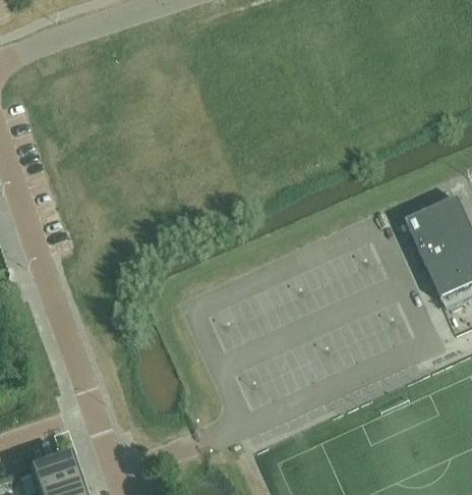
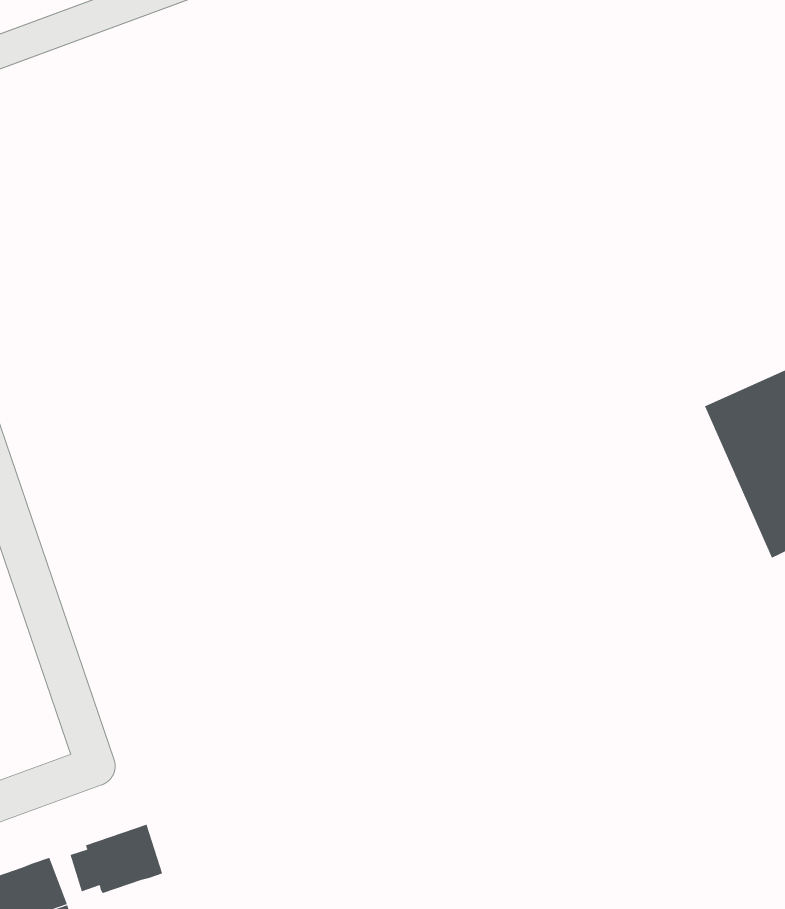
building: none -> [70,824,163,894]

